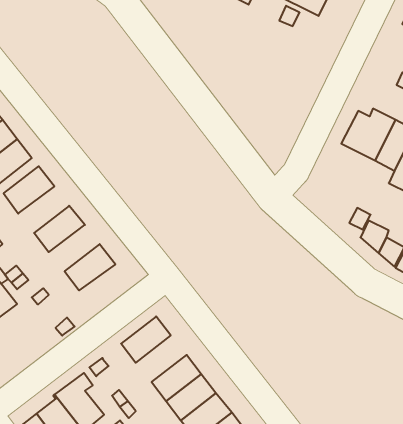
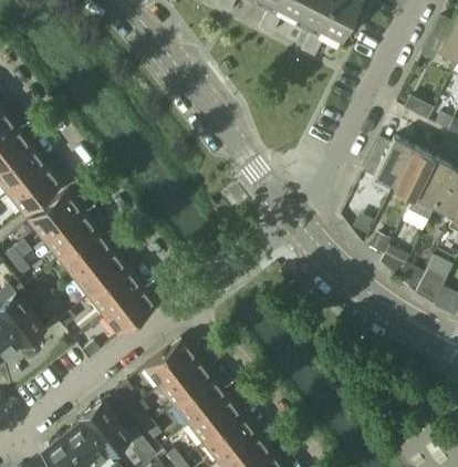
building: none -> [45,214,95,259]
building: none -> [75,251,125,297]
building: none -> [105,290,155,335]
building: none -> [160,360,210,405]

